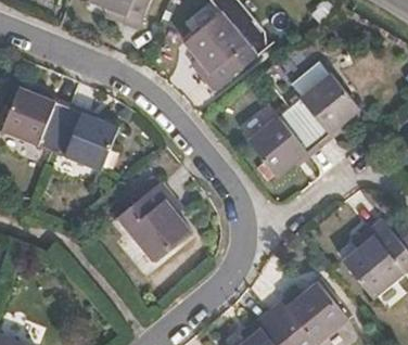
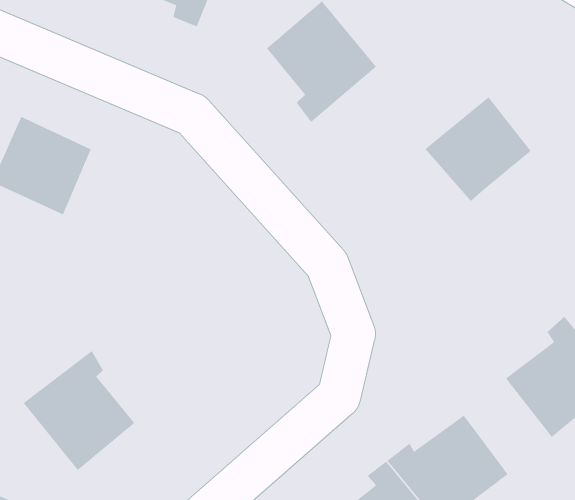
building: [51,107,120,174] -> none
building: [250,107,319,176] -> none
building: [115,183,189,263] -> [23,350,135,471]

